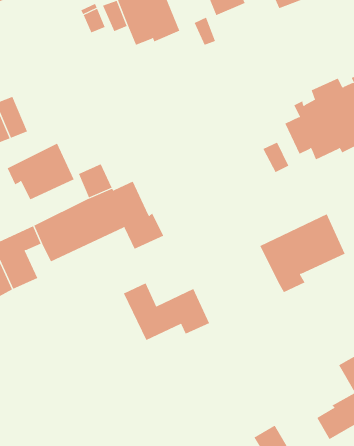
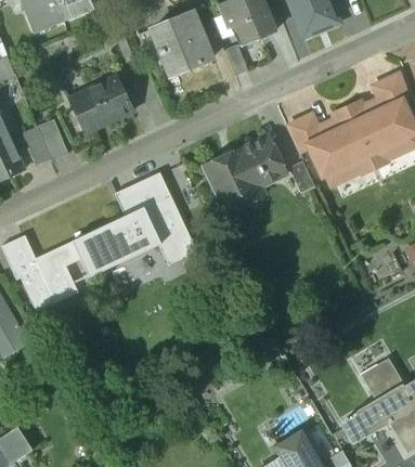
building: none -> [287,115,324,151]
building: [7,143,75,200] -> [69,75,133,129]
building: none -> [137,172,171,208]
building: [260,214,345,293] -> [204,135,285,210]
building: [123,282,210,341] -> none

